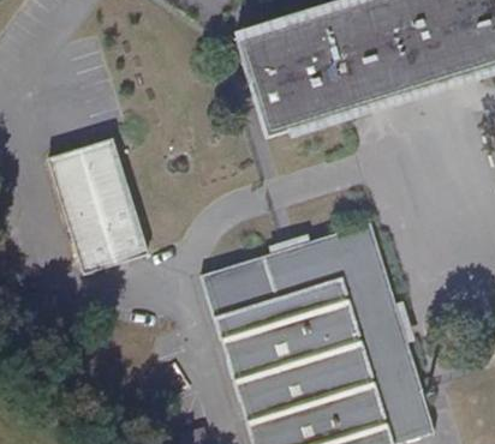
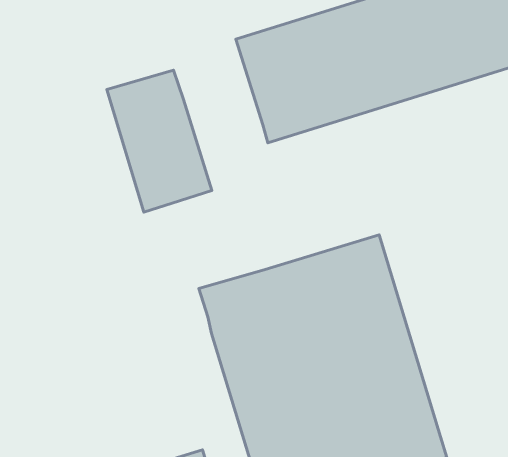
building: [49,138,148,271] -> [107,70,212,212]

